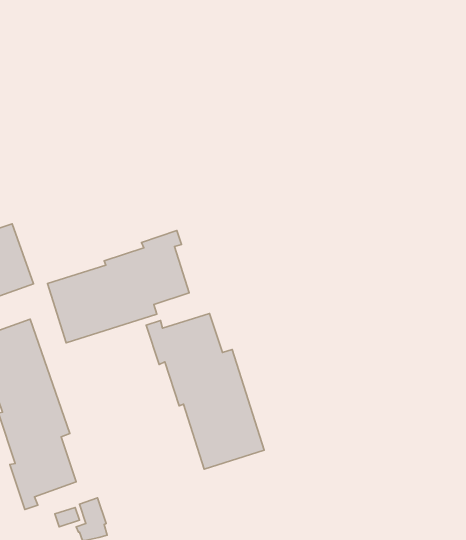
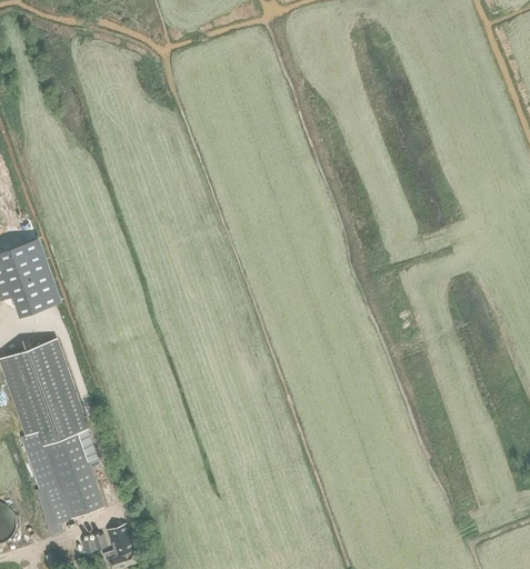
building: [47,231,189,343] -> none
building: [146,313,264,469] -> none

